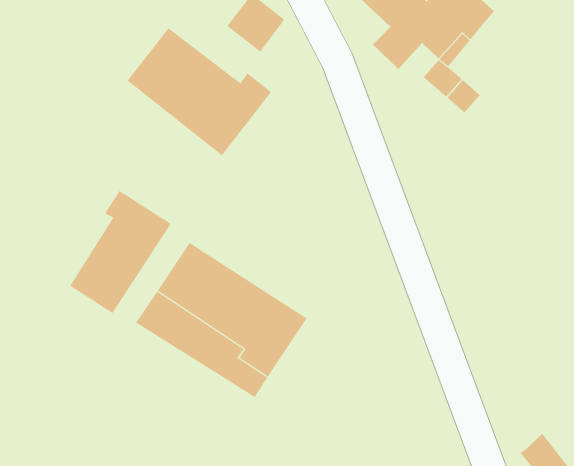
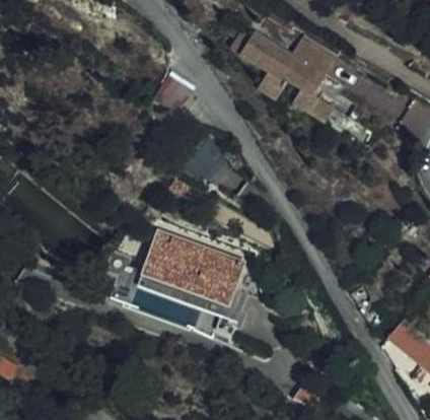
building: [127,28,272,156] -> none
building: [69,190,172,314] -> none

